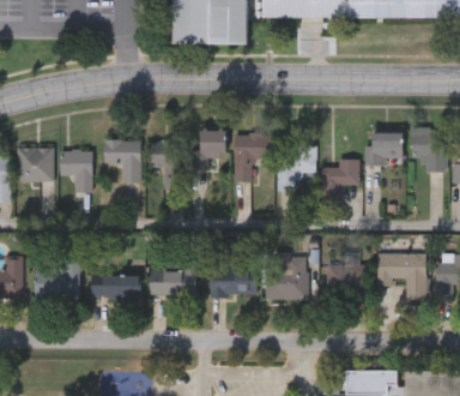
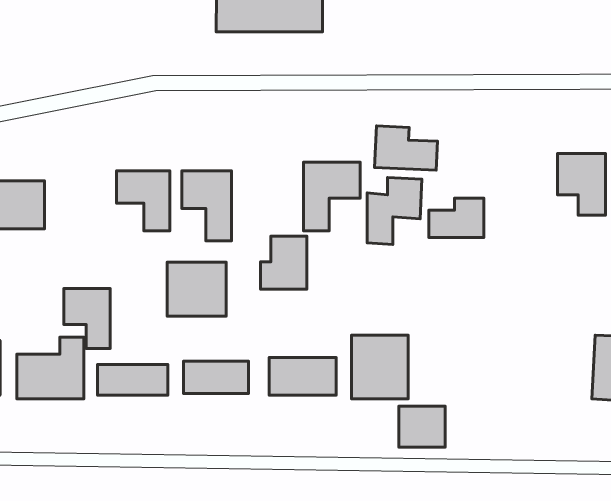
building: none -> [375,126,437,170]
building: [192,133,224,170] -> [260,236,307,289]
building: [364,133,401,166] -> none
building: [60,150,92,192] -> [64,288,110,348]
building: none -> [167,262,226,316]
building: [376,254,424,301] -> none
building: [333,266,365,295] -> [399,406,445,447]

